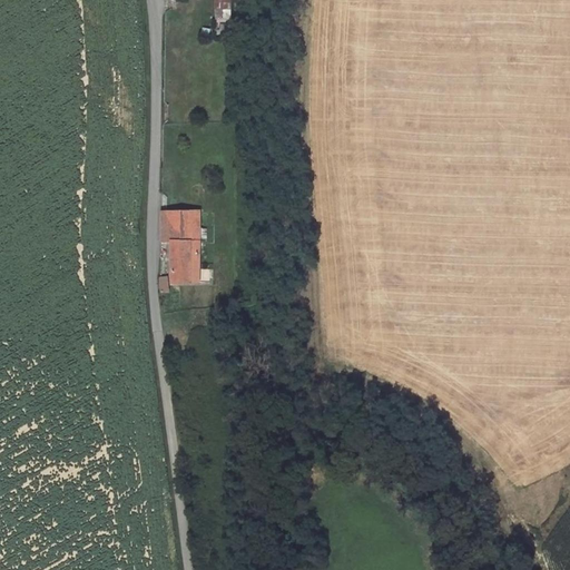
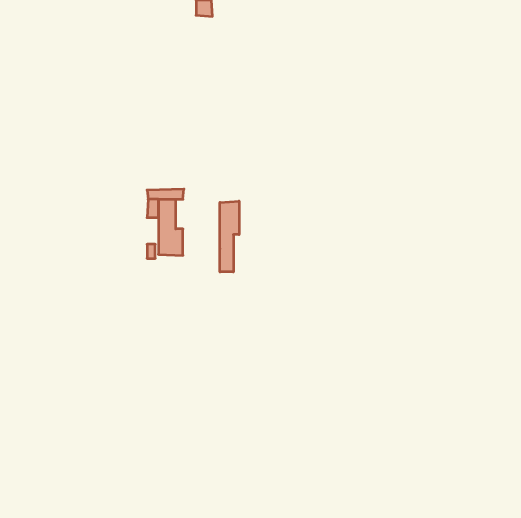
building: none -> [220,201,239,272]

